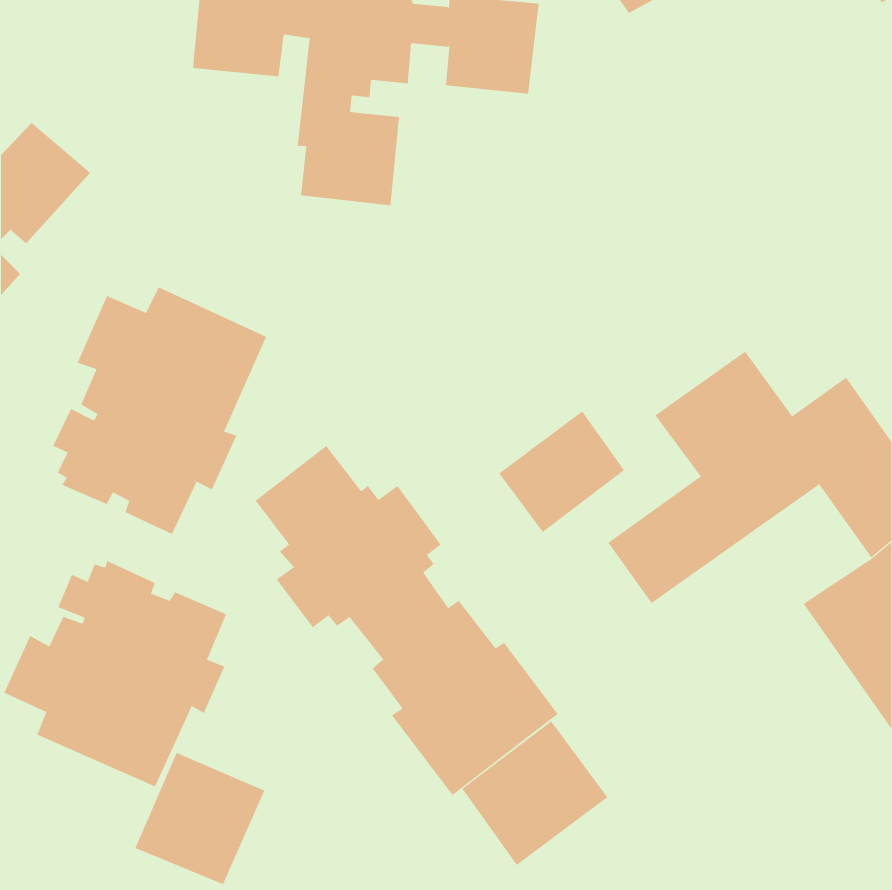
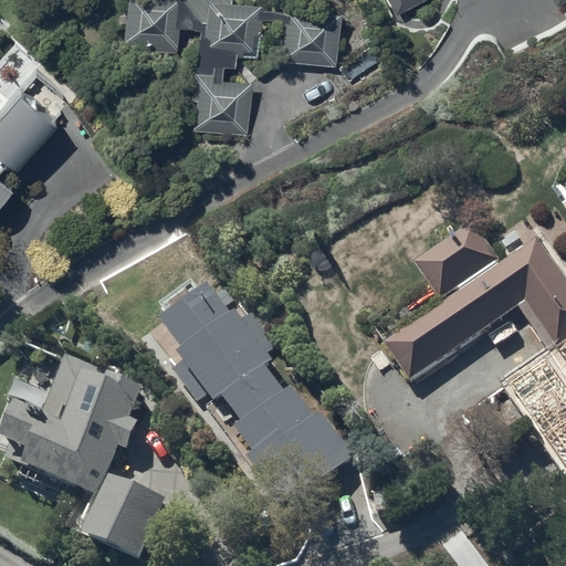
building: [53,287,267,535] -> none
building: [499,410,625,533] -> none
building: [462,721,608,866] -> none

